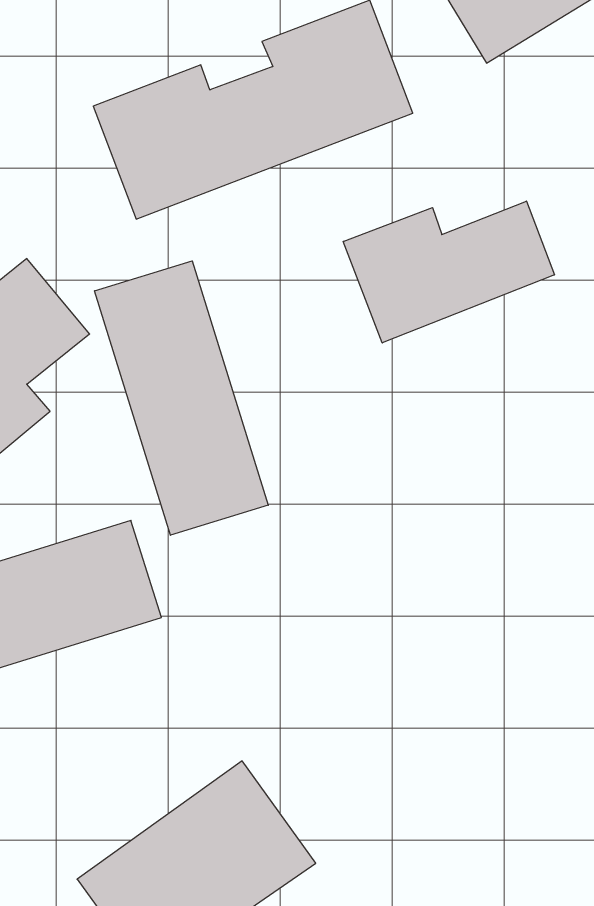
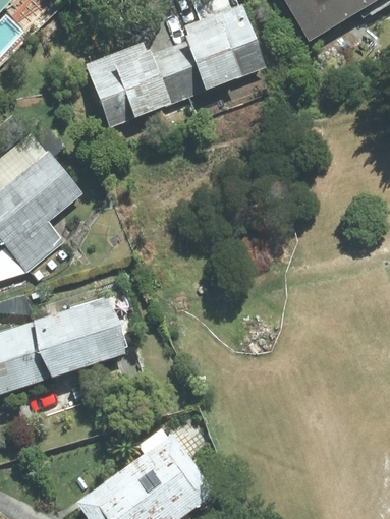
building: [343,201,554,343] -> none
building: [95,261,268,535] -> none

